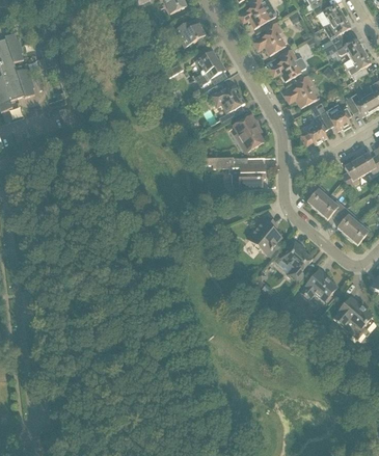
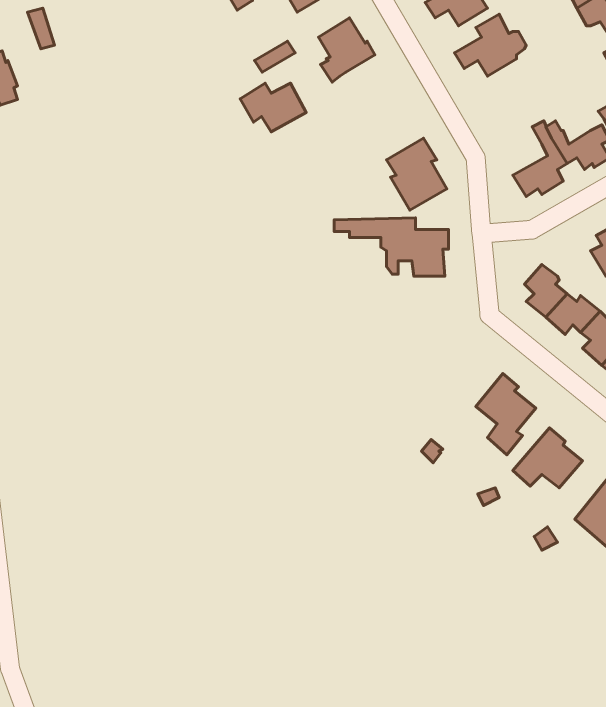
building: [283,72,317,107] -> none
building: [209,87,244,113] -> [240,83,306,132]
building: [250,216,280,254] -> none

